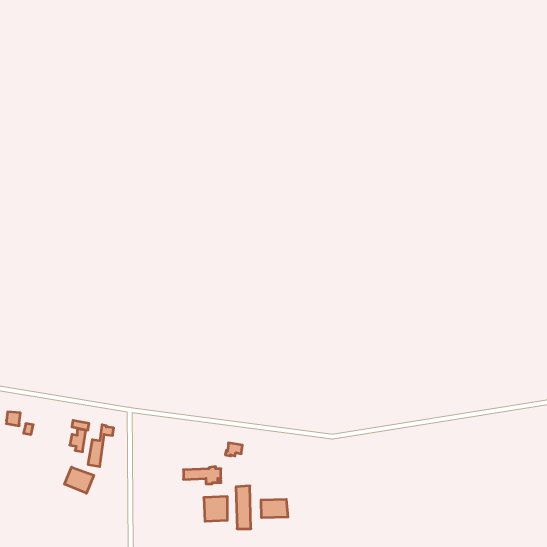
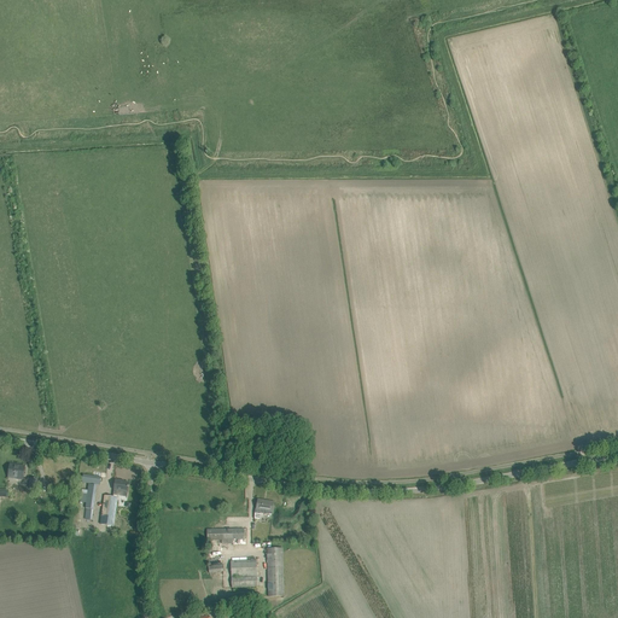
building: [64,467,94,493] -> none
building: [261,499,288,518] -> none

